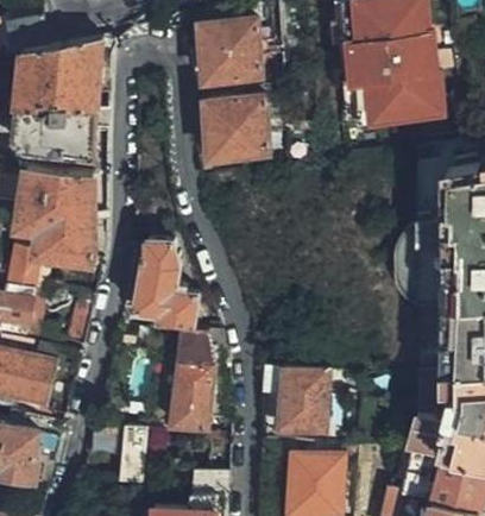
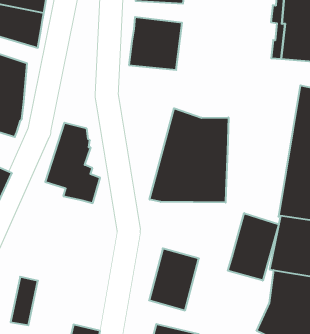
building: none -> [150,108,228,203]
building: none -> [228,213,279,281]
building: [168,326,213,430] -> none

